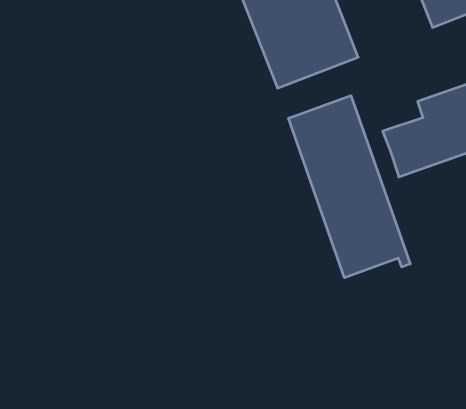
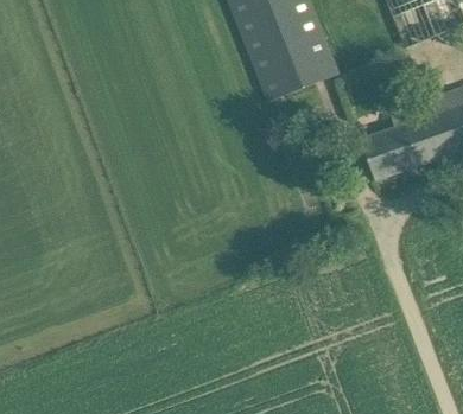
building: [289,96,410,278] -> none

